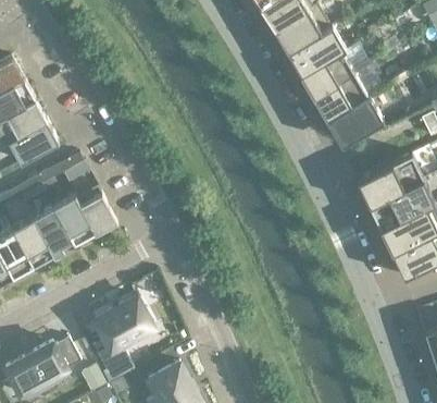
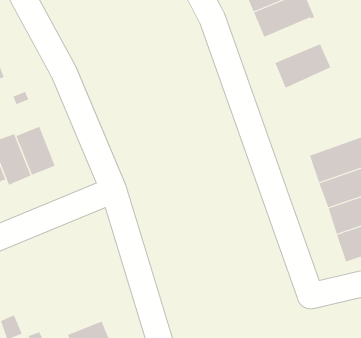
building: [300,51,354,98] -> none
building: [326,96,384,146] -> none
building: [92,297,153,370] -> none

